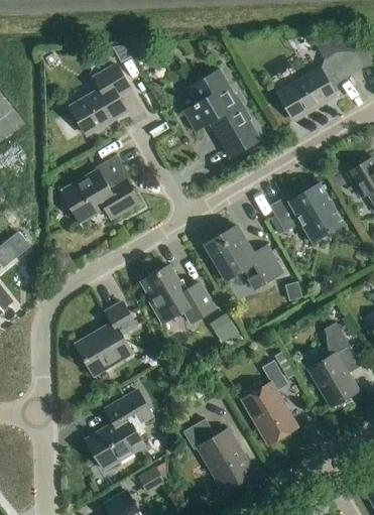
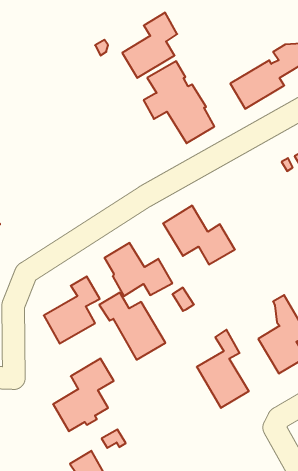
building: [70,63,129,134] -> [122,13,177,78]
building: [60,154,138,221] -> none
building: [269,182,344,242] -> none
building: [182,418,254,491] -> [99,293,165,360]

